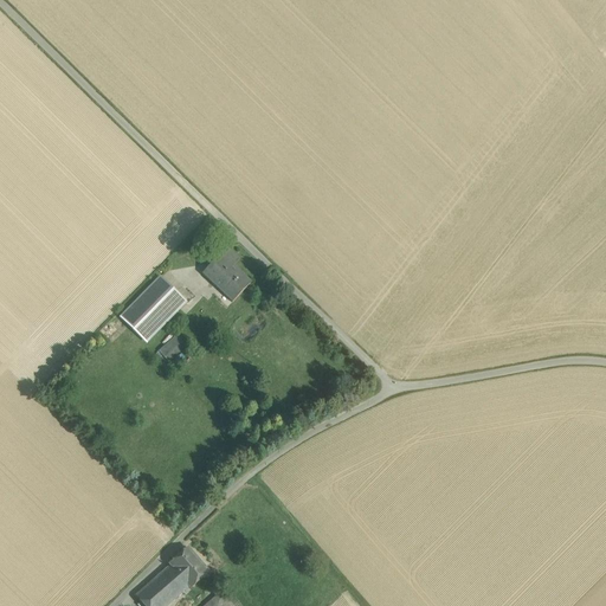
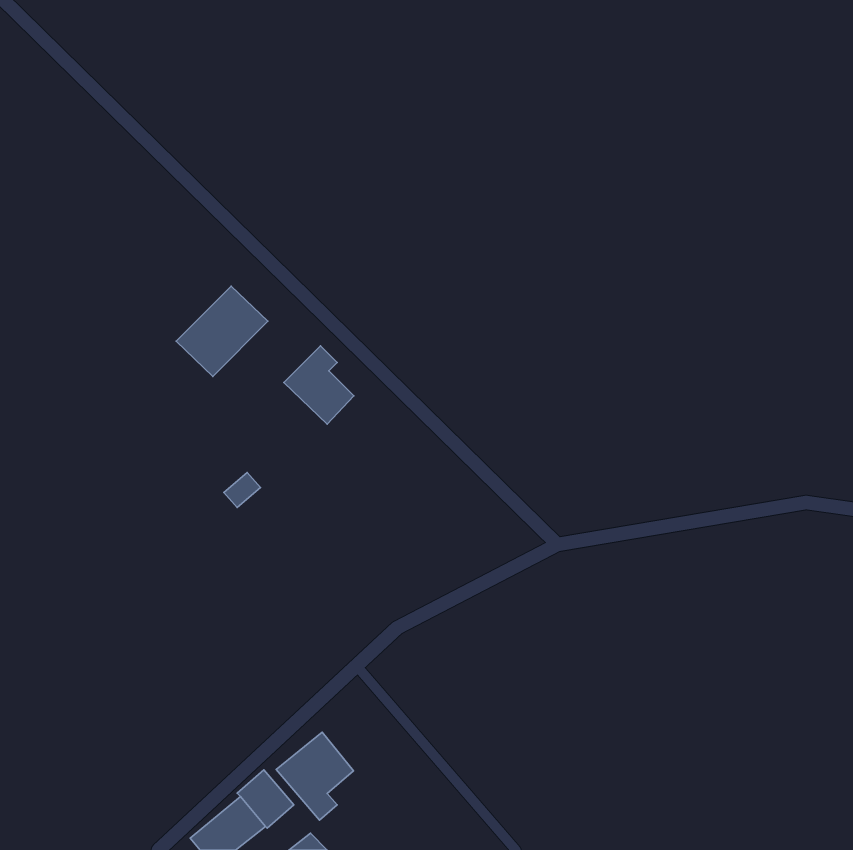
building: [121,276,186,340] -> [176,286,268,376]
building: none -> [276,732,354,820]

